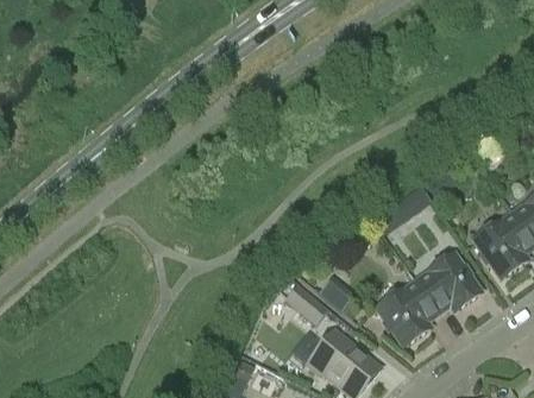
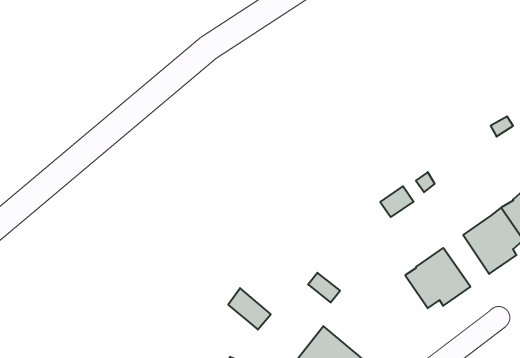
building: [377,279,439,346] -> none
building: [285,283,328,324] -> [228,288,271,330]

